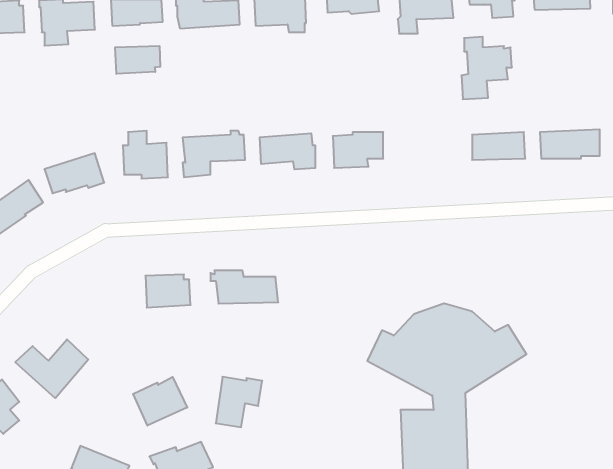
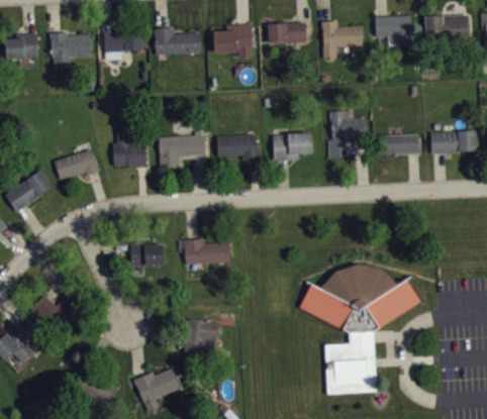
building: [461,37,512,99] -> [327,111,366,159]
building: [115,46,160,74] -> none
building: [133,377,187,426] -> none

